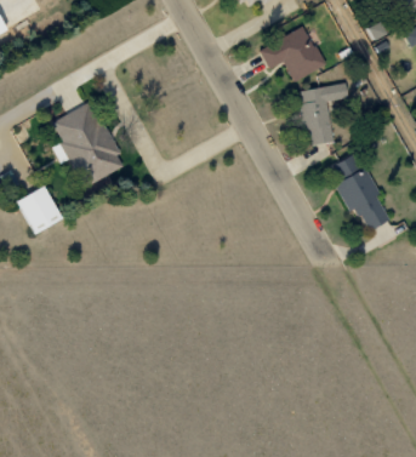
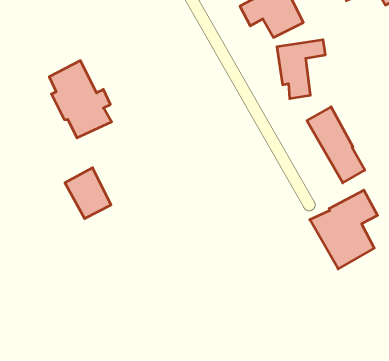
building: [17,183,65,236] -> [65,168,111,219]
building: none -> [310,190,378,269]

